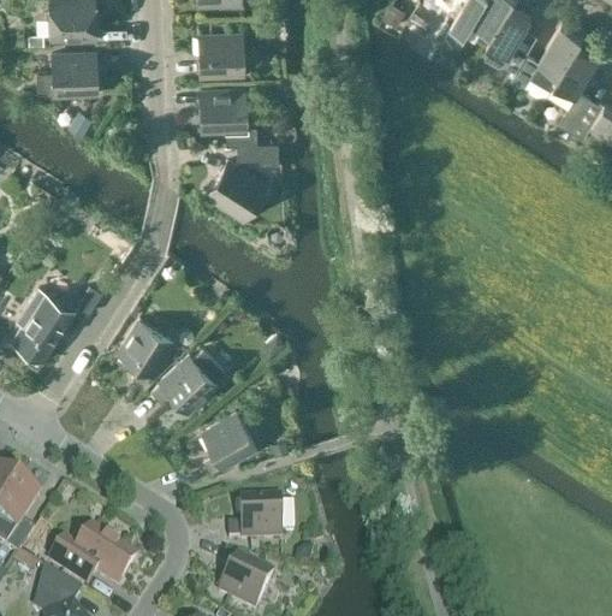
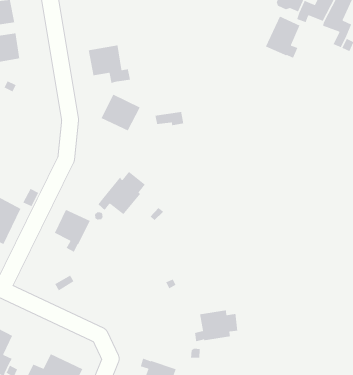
building: [197,31,244,73] -> none
building: none -> [265,15,301,59]
building: [237,141,279,161] -> [155,111,184,126]
building: [150,348,225,411] -> [98,171,146,215]
building: [201,411,256,473] -> none
building: [227,498,292,540] -> [194,310,238,342]

